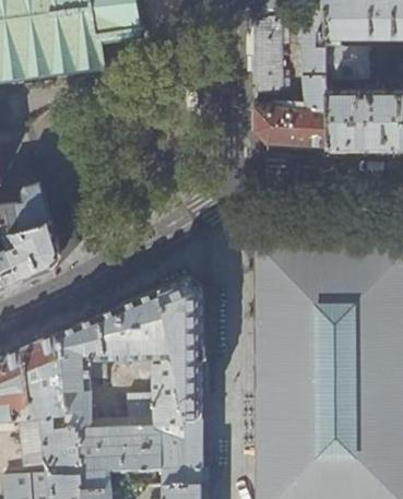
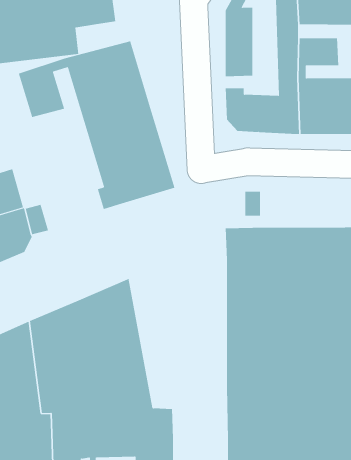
building: none -> [18,41,175,210]
building: [157,280,201,424] -> none

